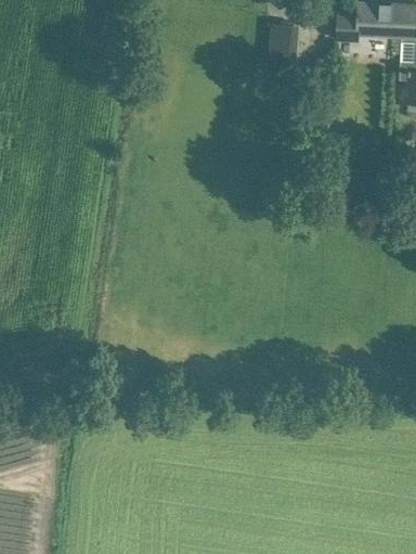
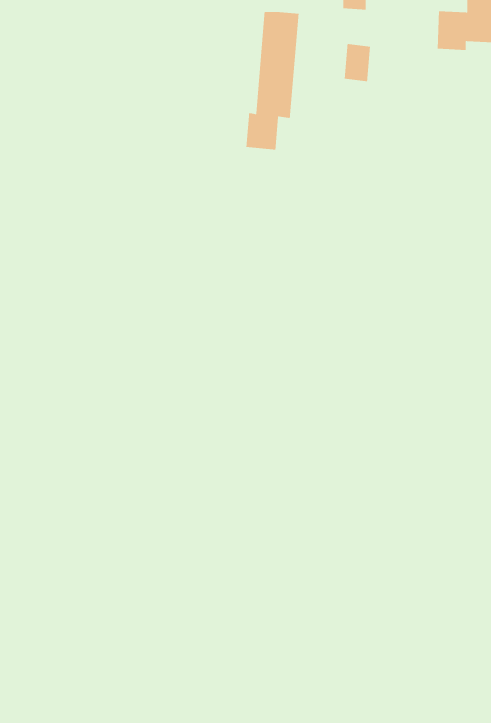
building: none -> [246,11,299,151]

